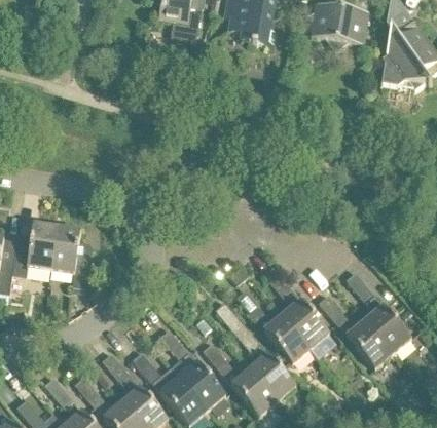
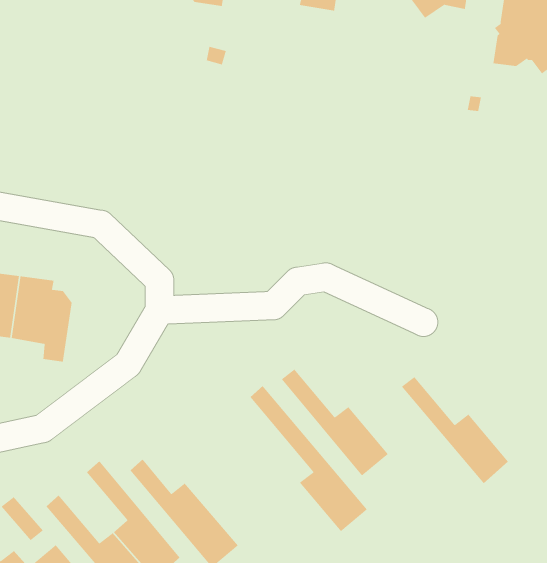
building: [262,265,335,356] -> none
building: [345,270,410,352] -> none
building: [159,327,225,410] -> none
building: [202,341,277,416] -> none

